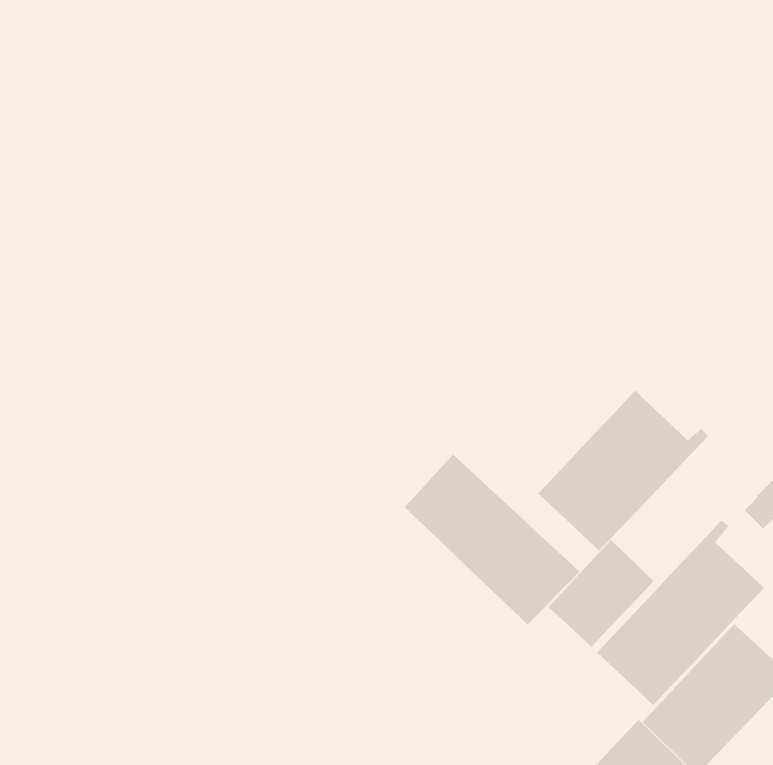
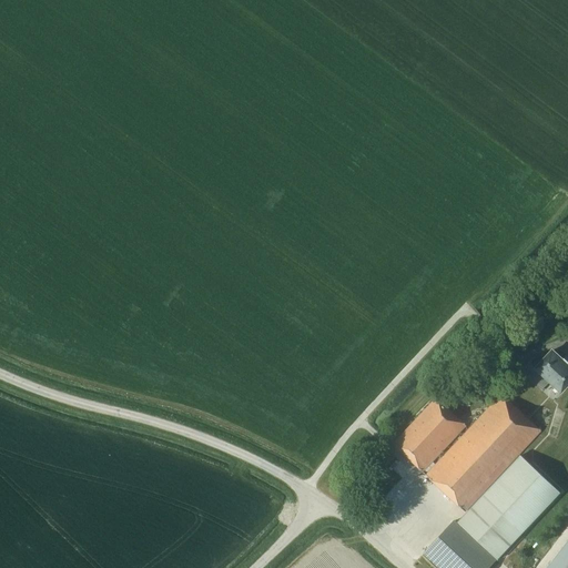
building: [538,390,709,552] -> none
building: [404,454,581,625] -> none

